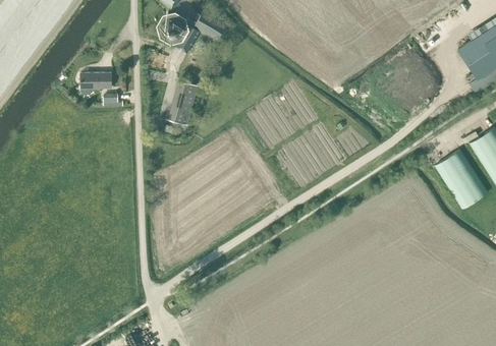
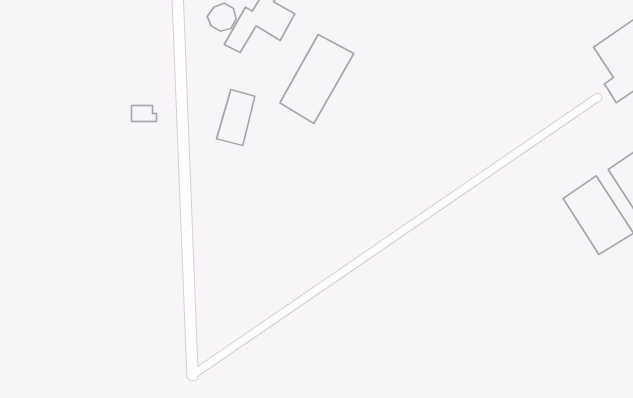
building: none -> [280,35,354,123]
building: [80,73,112,89] -> none

